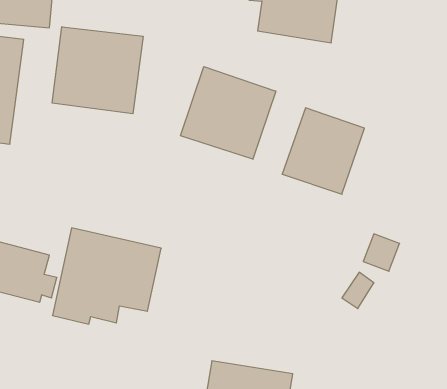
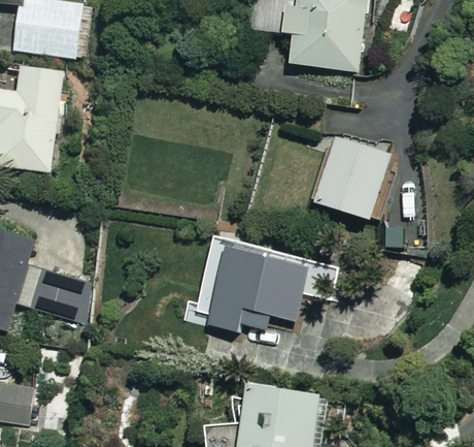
building: [52,27,143,114] -> none
building: [180,67,276,159] -> none
building: [52,228,161,324] -> [201,240,306,332]

